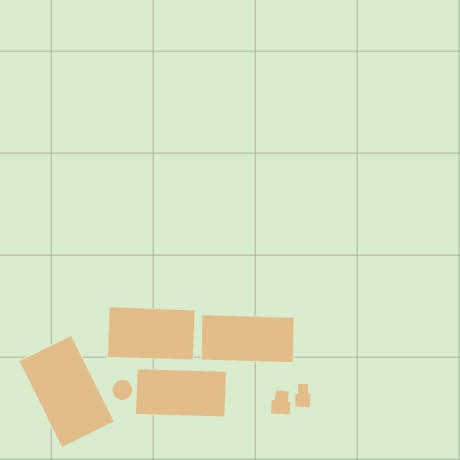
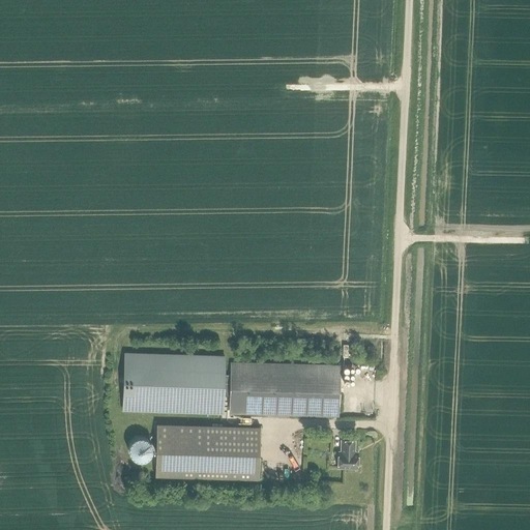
building: [19,335,114,448] -> none
building: [271,390,291,415] -> none

